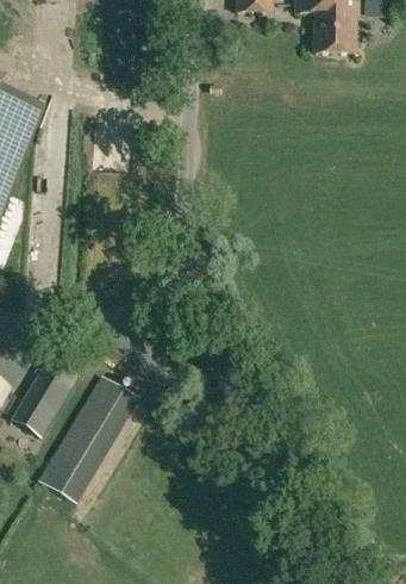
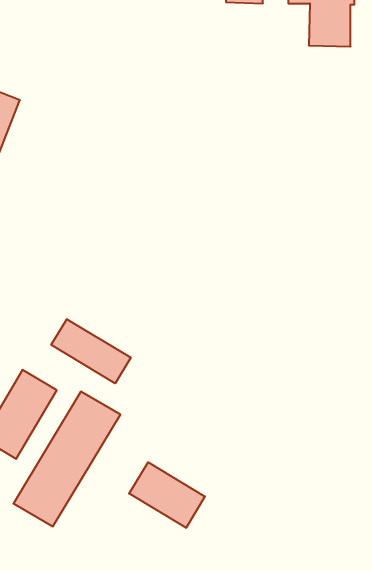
building: none -> [51,319,131,383]
building: none -> [129,462,205,528]

